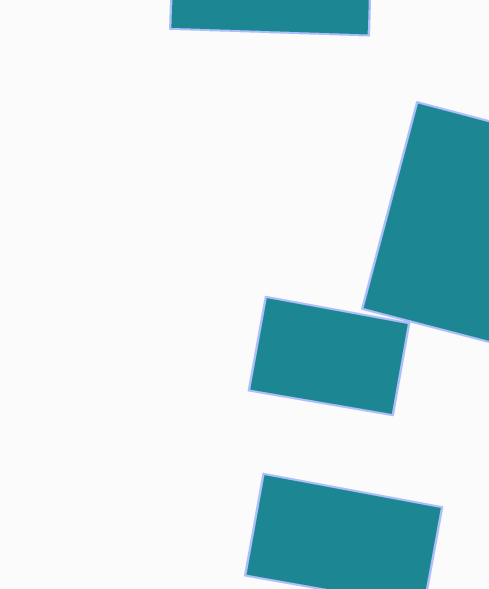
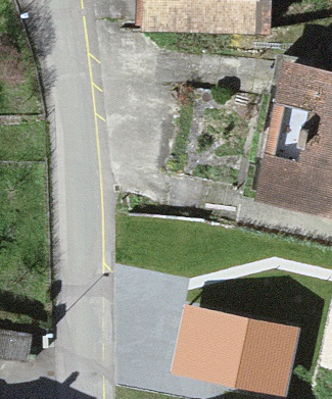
building: [249,297,409,415] -> none

